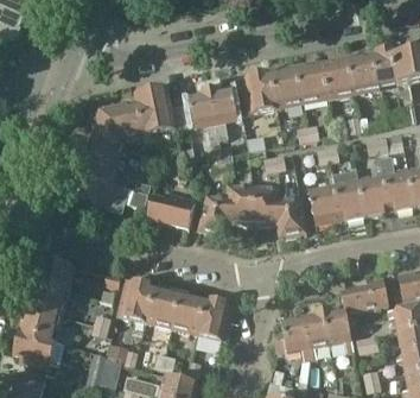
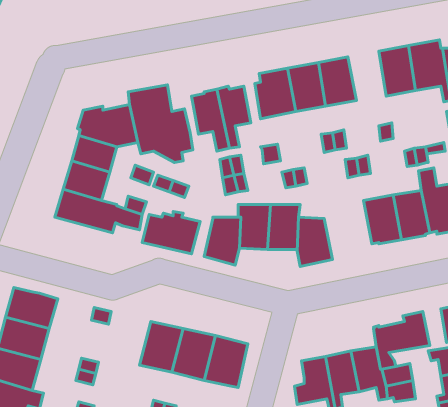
building: [320,56,352,97] -> none
building: [308,182,341,223] -> none
building: [117,277,154,321] -> none

